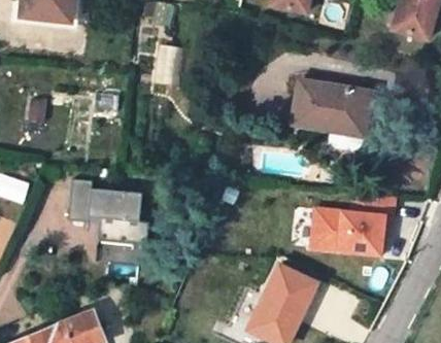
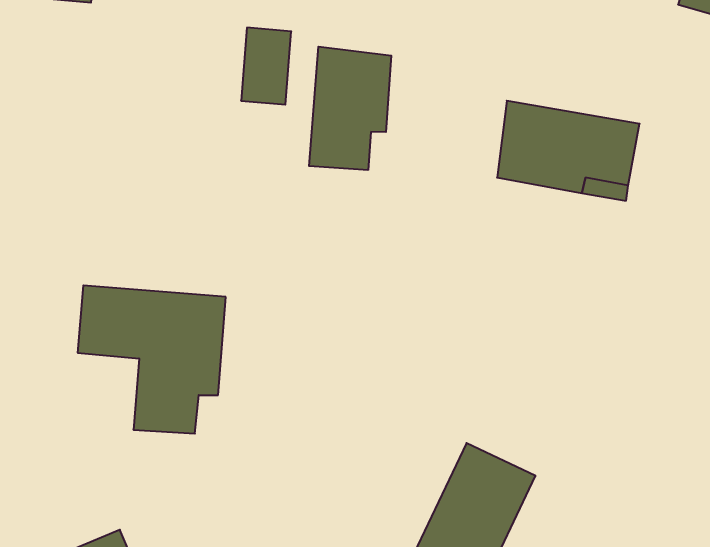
building: none -> [309,47,391,170]
building: [310,205,389,250] -> none

